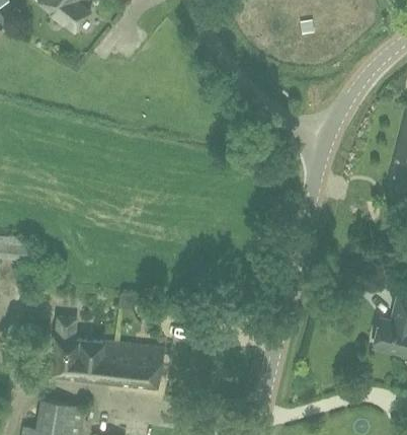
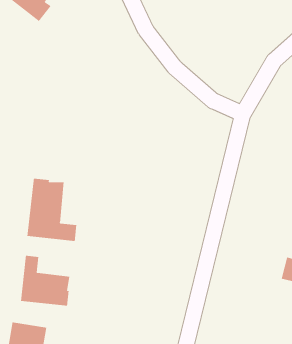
building: none -> [27,178,77,242]
building: [112,343,166,384] -> none

